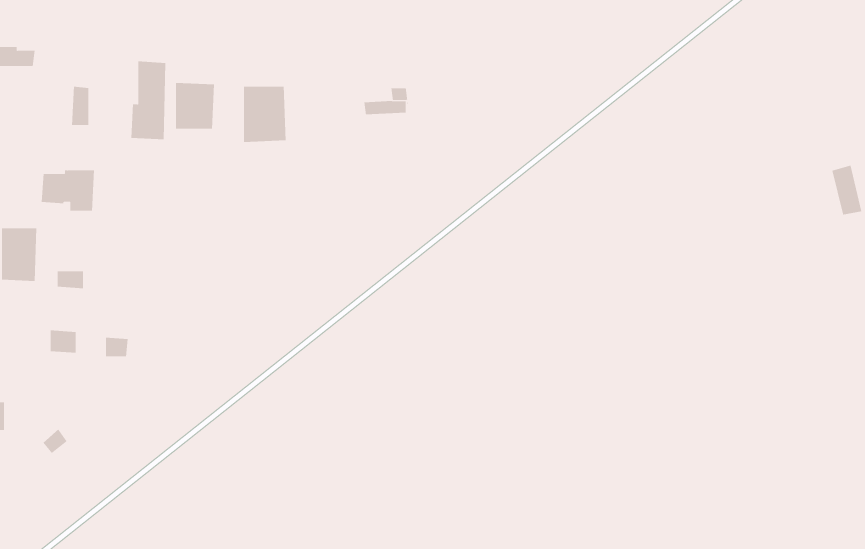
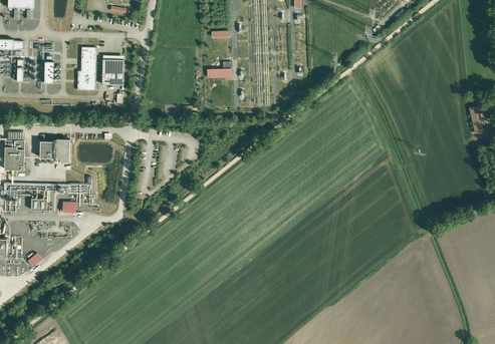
building: [244,86,286,143] -> none
building: [41,170,95,211] -> [39,139,69,162]

